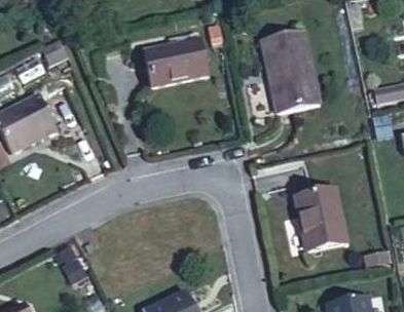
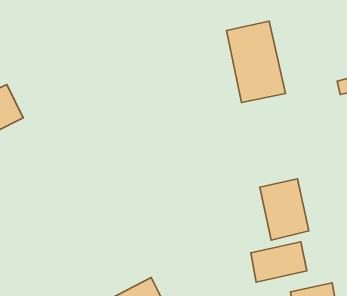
building: [144,37,207,85] -> none
building: none -> [251,242,307,282]

